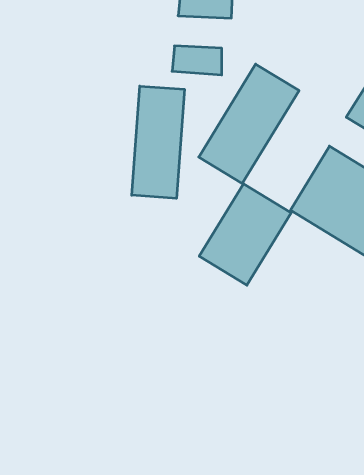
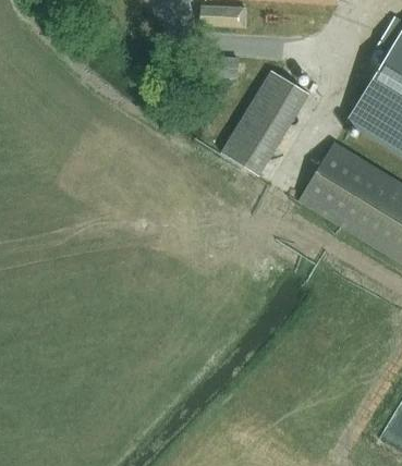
building: [132,86,184,198] -> none
building: [199,184,291,285] -> none

